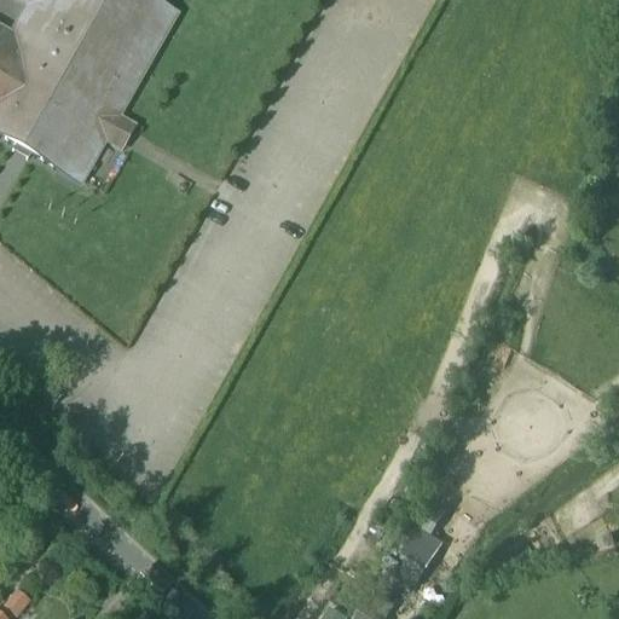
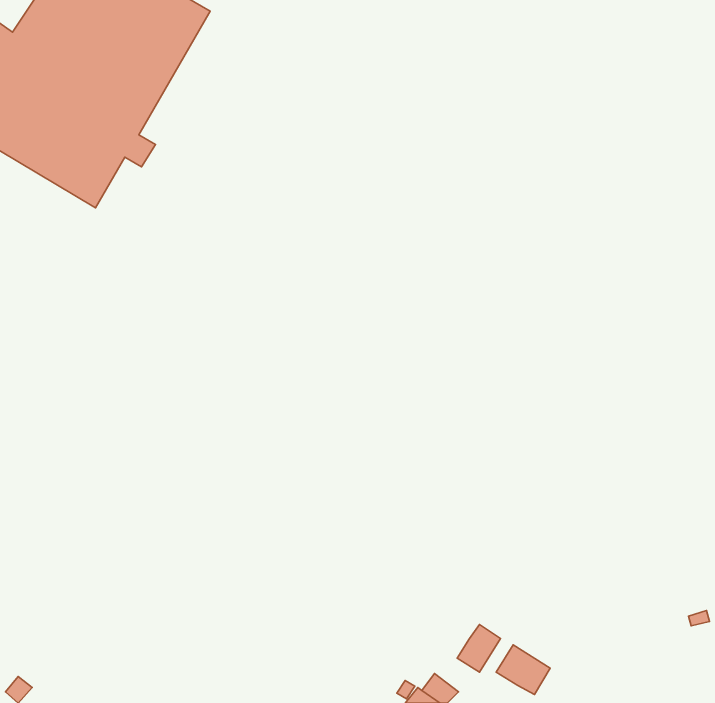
building: none -> [496,645,550,695]

